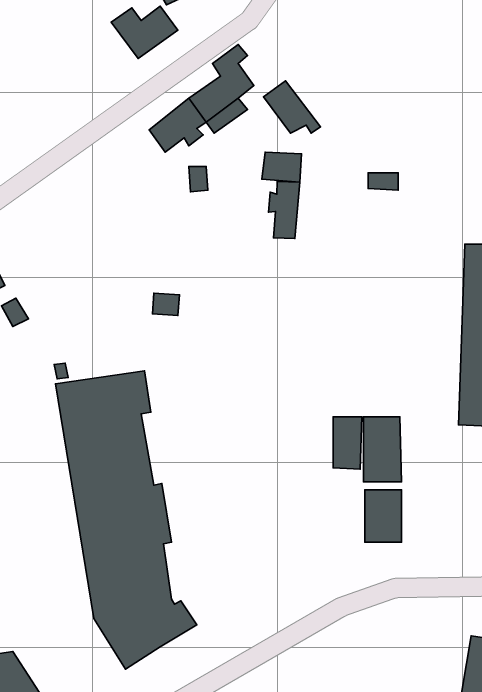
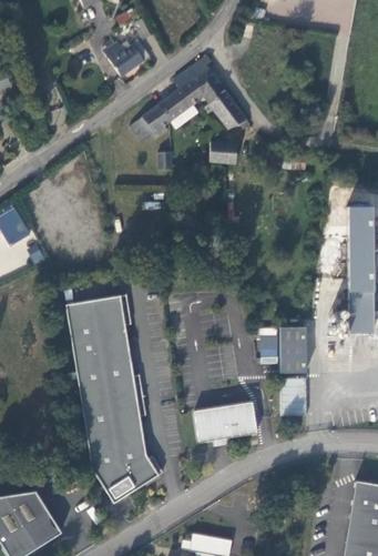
building: none -> [192,55,225,103]
building: [268,181,300,238] -> none
building: none -> [194,402,257,442]

